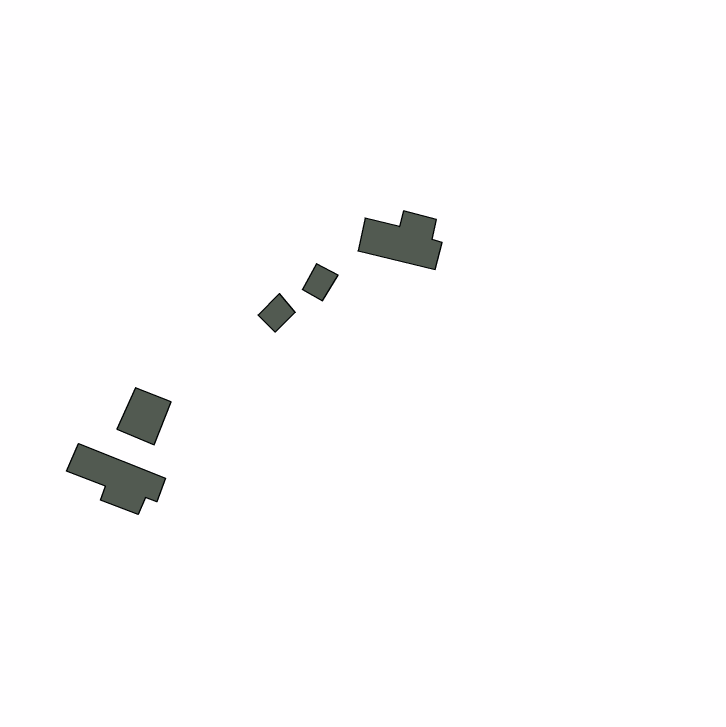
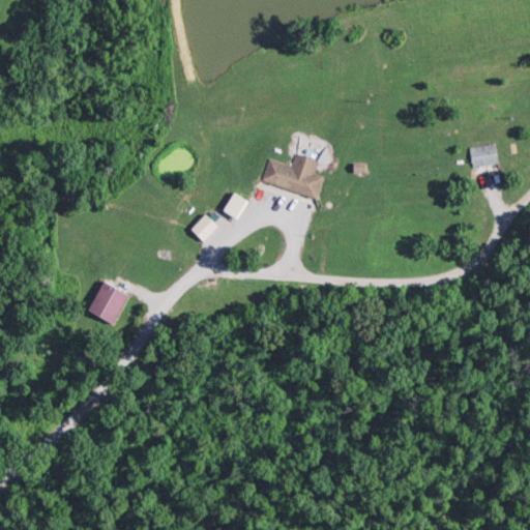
building: none -> [470,143,500,169]
building: [67,444,166,514] -> none

